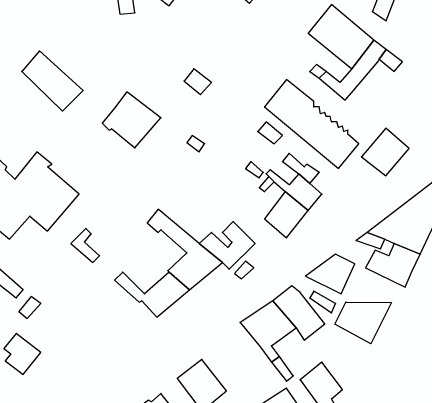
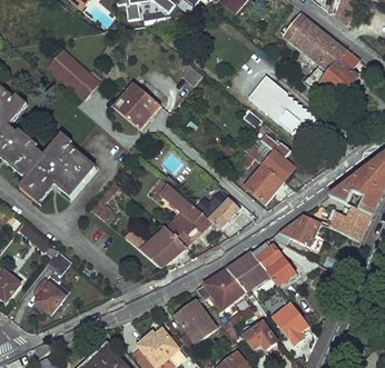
building: [361,128,409,176] -> [318,58,357,97]
building: [335,302,391,344] -> none
building: none -> [196,270,243,309]

